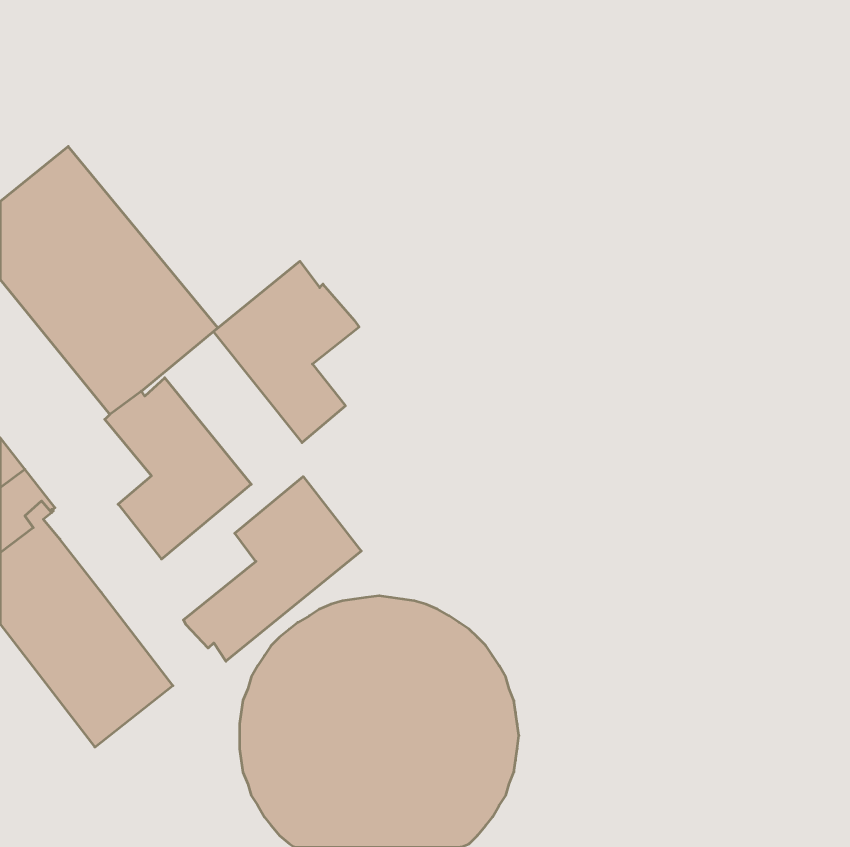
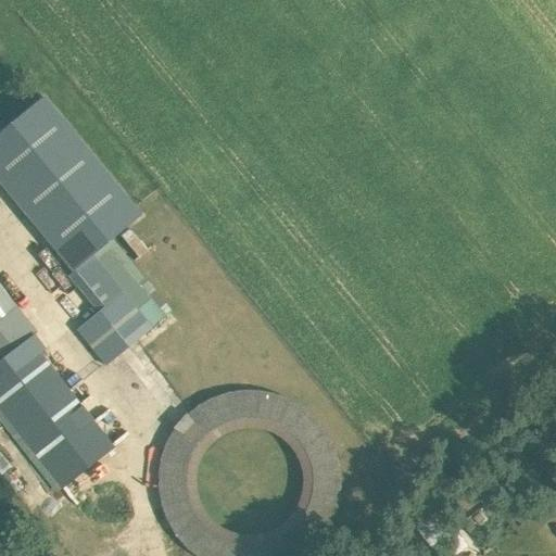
building: [213,261,359,443] -> none
building: [183,477,361,661] -> none

